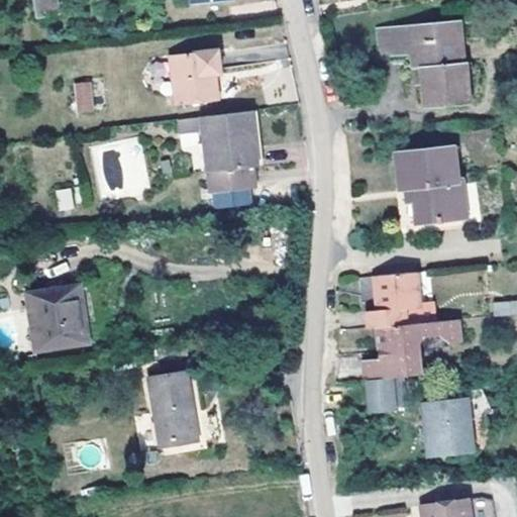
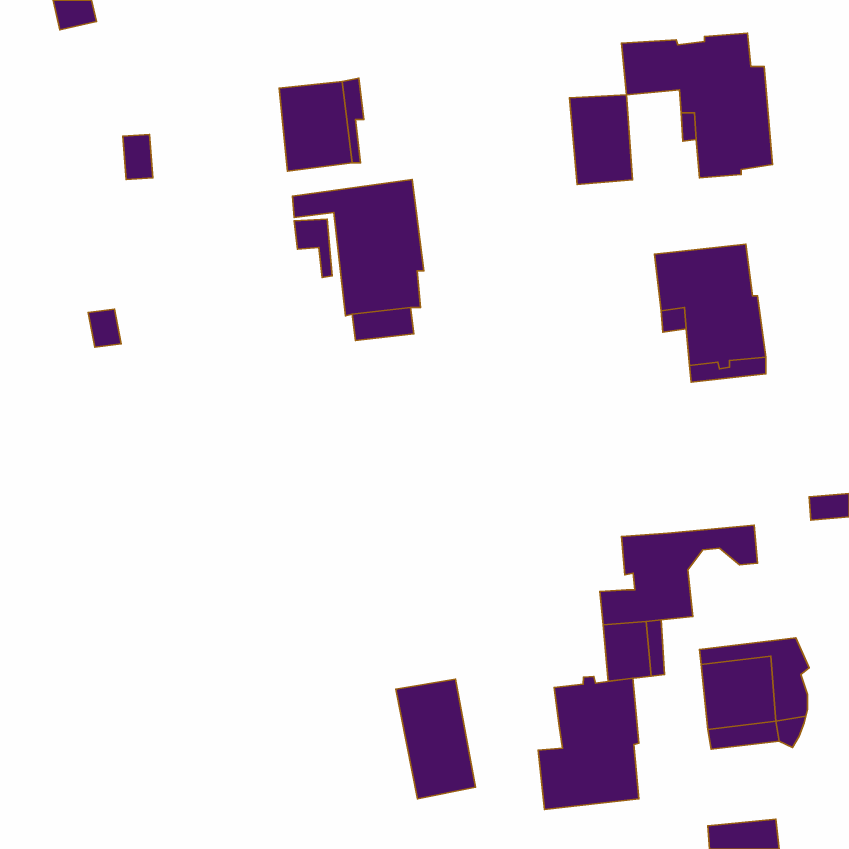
building: none -> [569,95,632,184]
building: [367,272,420,327] -> none
building: [26,281,87,350] -> none
building: [148,373,197,445] -> [396,679,475,799]
building: none -> [538,677,639,810]

